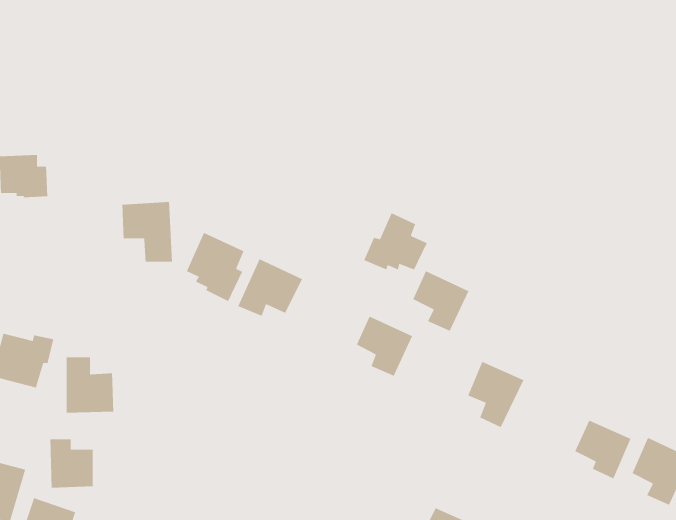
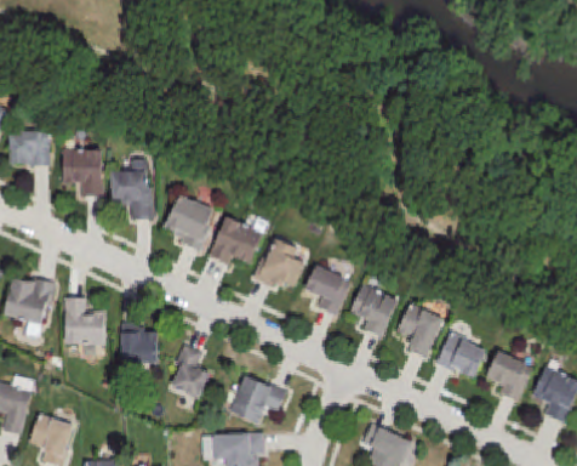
building: none -> [62,148,104,195]
building: [363,212,428,271] -> [252,238,305,286]
building: [412,270,469,332] -> [350,283,398,334]
building: none -> [435,330,485,376]
building: none -> [171,345,211,399]
building: [49,439,93,488] -> [121,323,158,364]
building: none -> [229,375,286,425]

